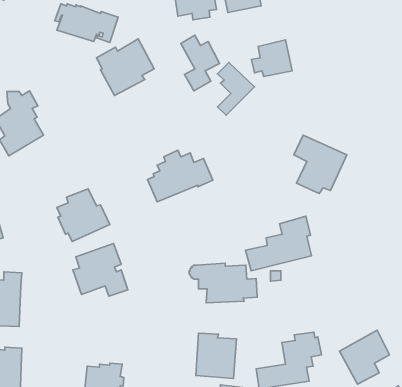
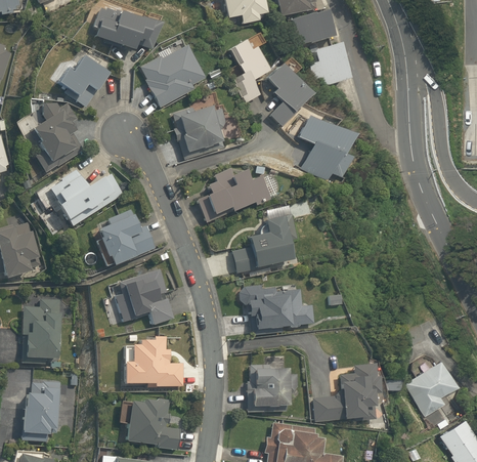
building: none -> [293,11,336,48]
building: none -> [57,55,109,104]
building: none -> [172,104,224,159]
building: [294,135,347,193] -> [301,118,358,181]
building: none -> [50,168,122,225]
building: [245,216,312,271] -> [227,216,299,276]
building: none -> [124,335,183,385]

